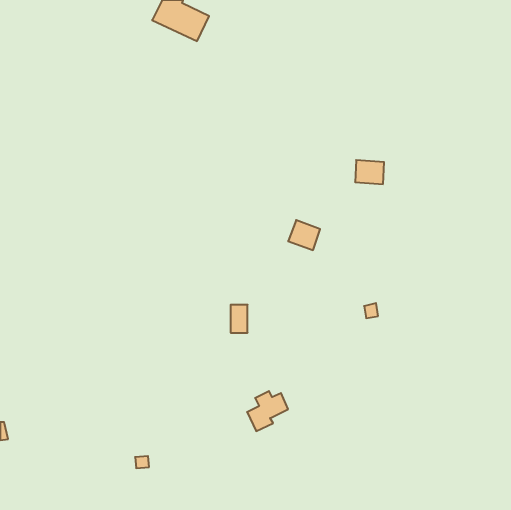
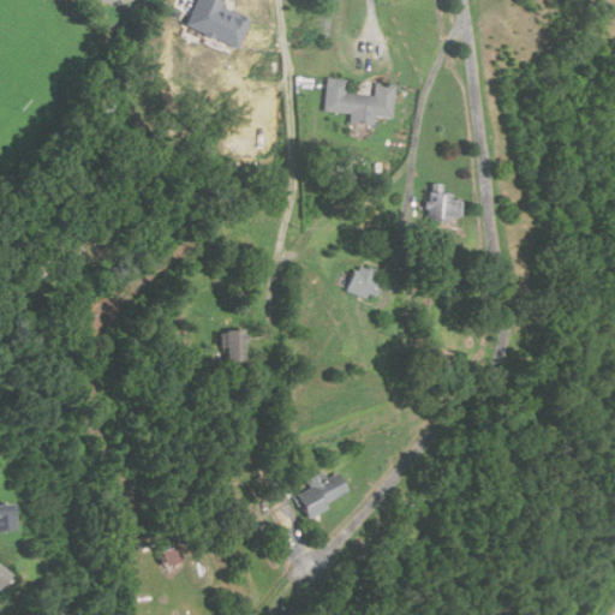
building: none -> [323,79,395,125]
building: [231,305,248,333] -> [226,330,246,364]

